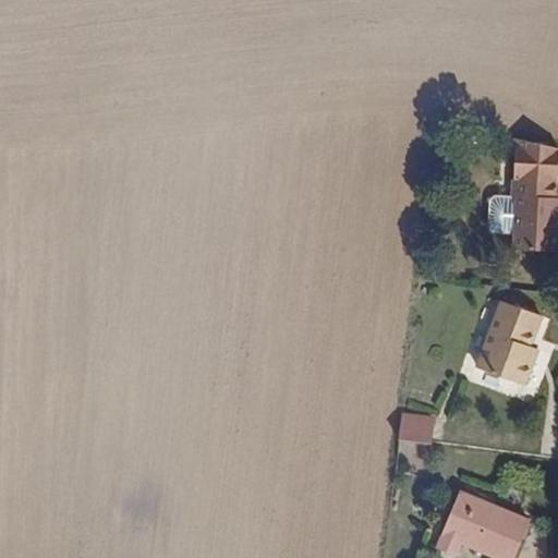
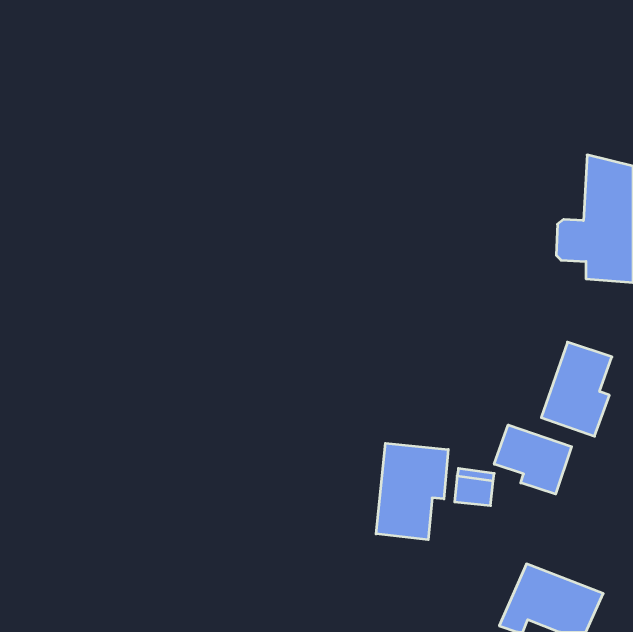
building: none -> [494,425,572,494]
building: none -> [376,443,448,540]

